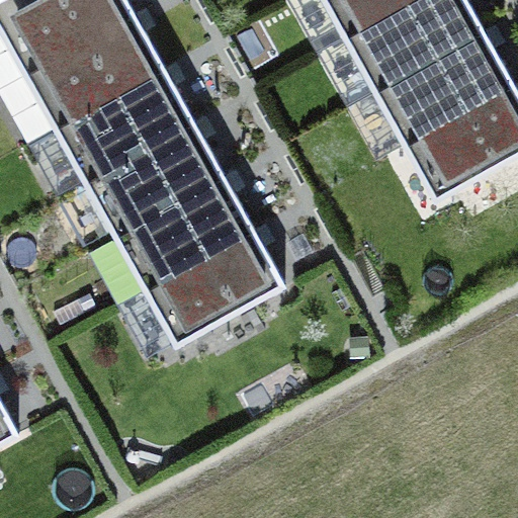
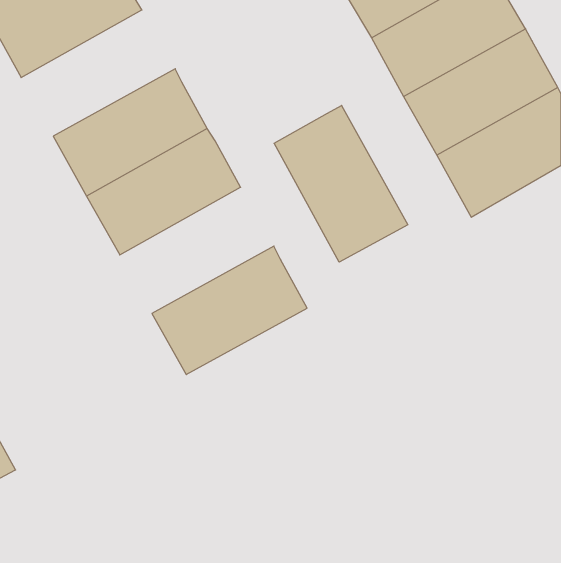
building: [19,9,160,124] -> none
building: none -> [274,105,408,262]
building: [109,171,250,286] -> none

